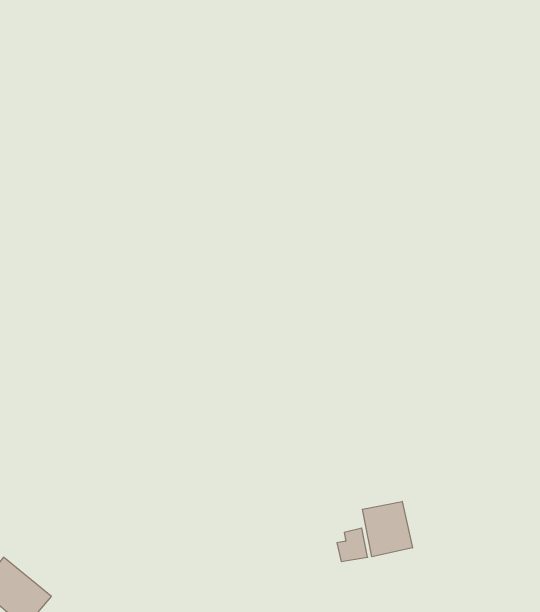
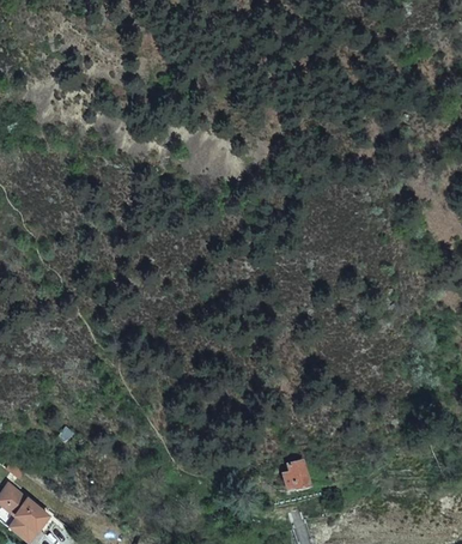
building: [362,501,412,557] -> none

